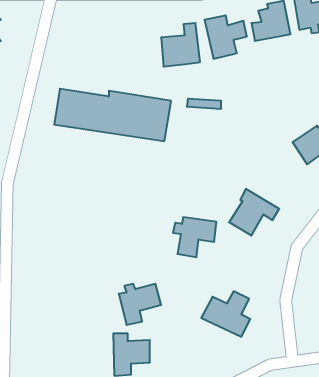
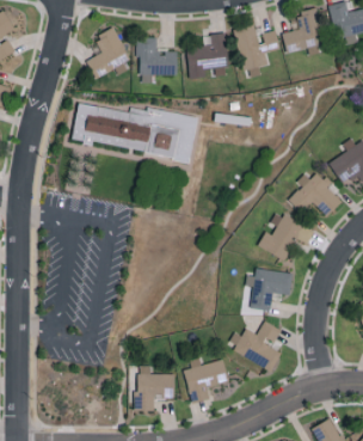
building: none -> [86,27,131,79]
building: none -> [137,38,177,75]
building: none -> [287,172,342,216]
building: [173,217,216,257] -> [245,268,291,311]
building: [119,284,161,325] -> [183,359,228,403]

